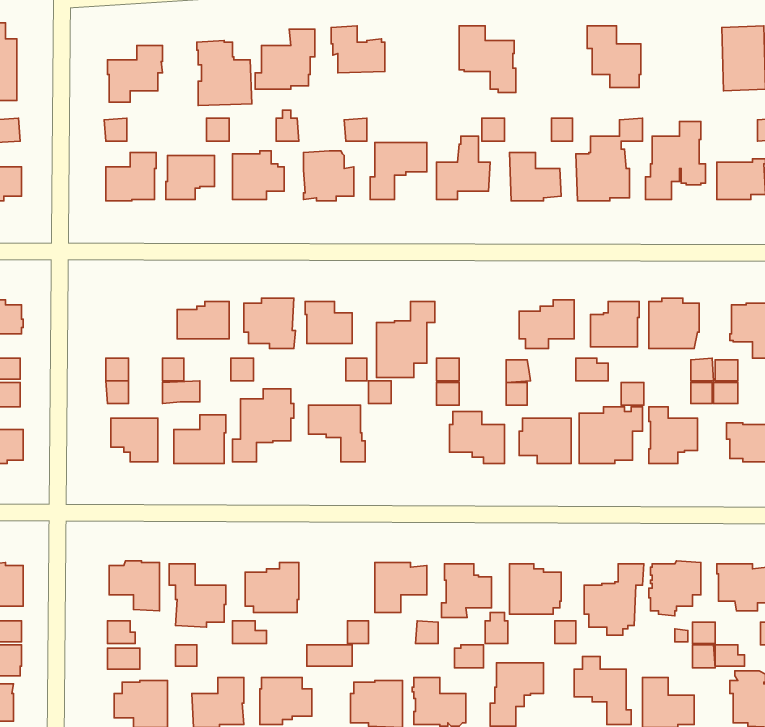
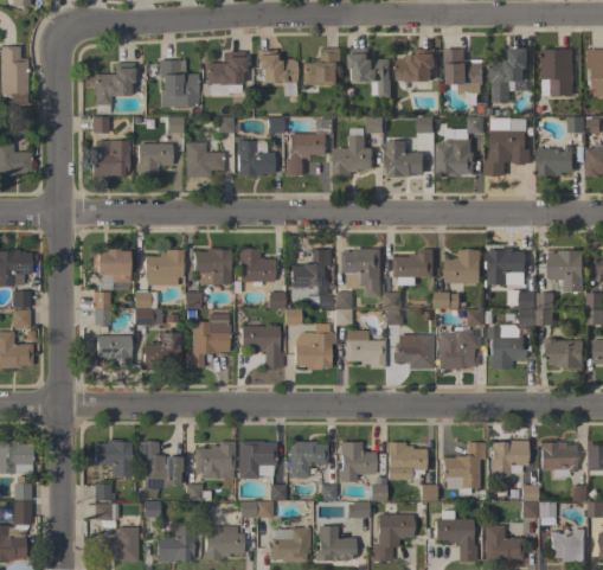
building: none -> [302,47,342,85]
building: none -> [490,47,530,102]
building: none -> [397,49,437,82]
building: none -> [92,249,129,289]
building: none -> [344,249,381,296]
building: none -> [294,324,334,370]
building: none -> [237,441,276,478]

